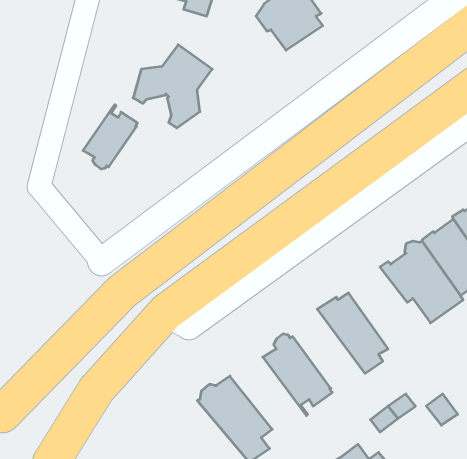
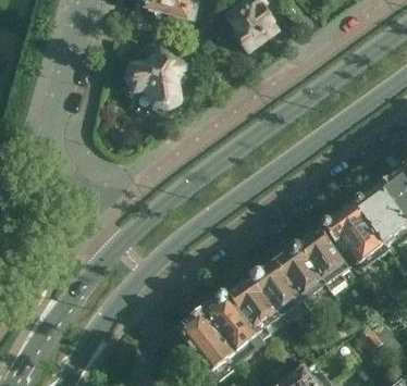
building: [83,105,137,169] -> none
building: none -> [296,229,348,290]
building: none -> [249,257,309,320]
building: none -> [200,290,262,359]

